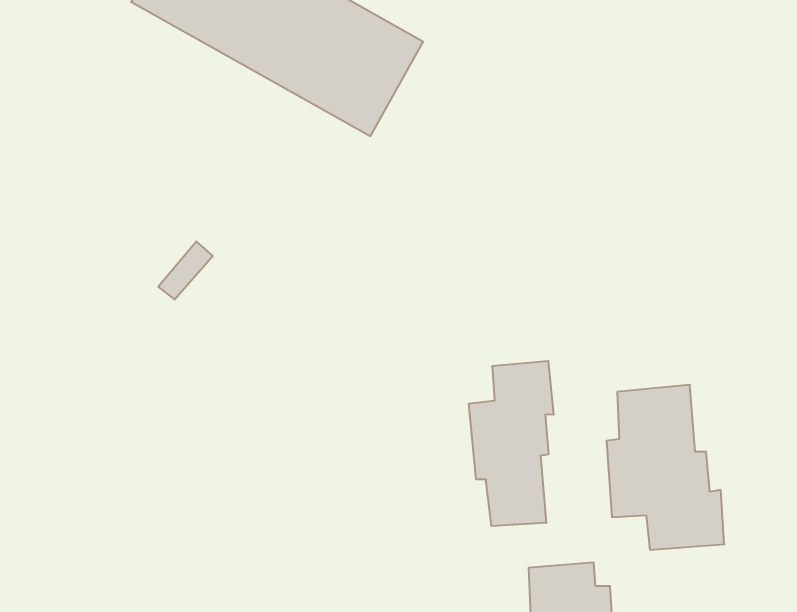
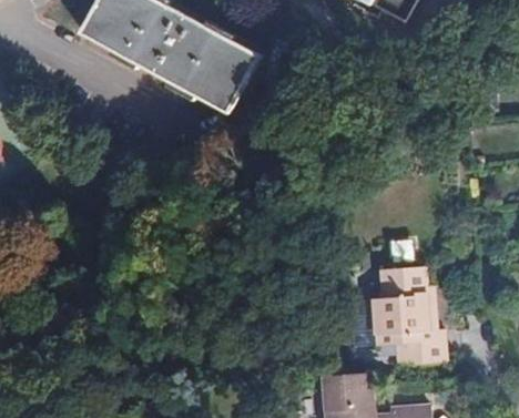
building: [469,361,554,526] -> none

